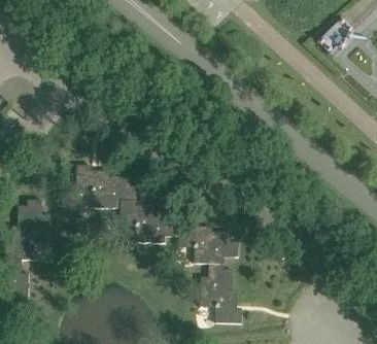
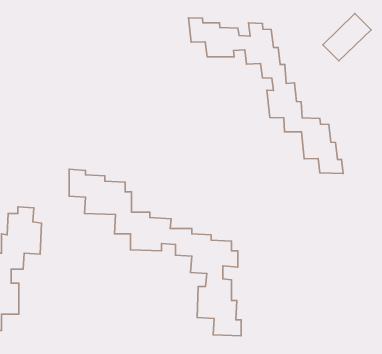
building: none -> [189,18,343,174]

